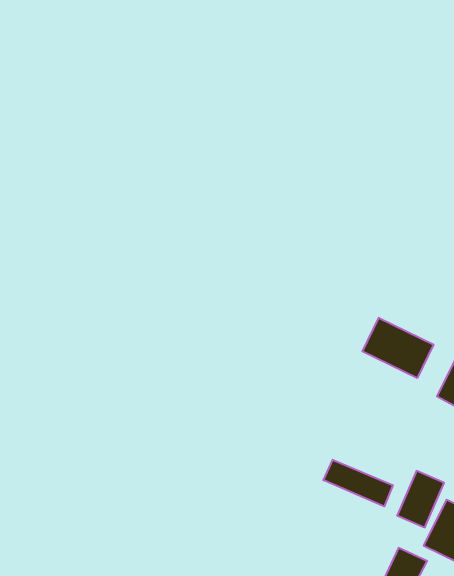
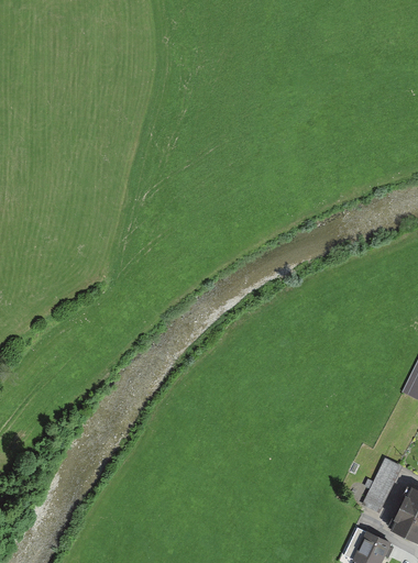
building: [362,318,433,378] -> none
building: [323,460,393,506] -> none

